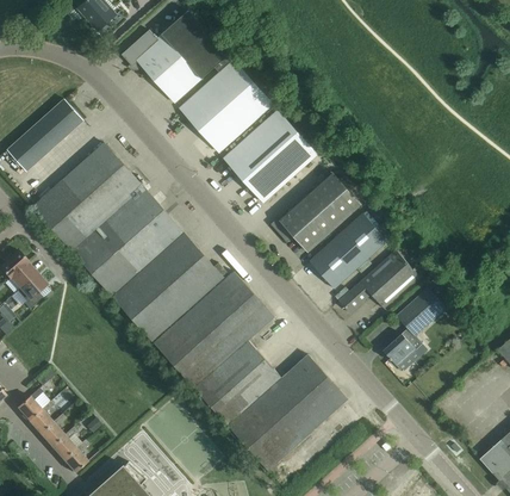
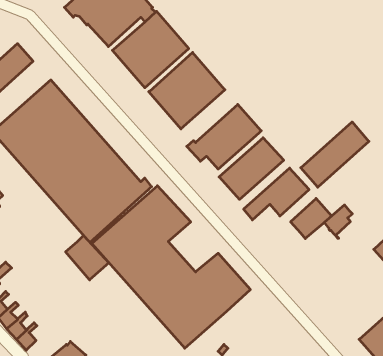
building: none -> [301,122,369,187]
building: [382,329,417,370] -> [324,205,352,238]
building: none -> [66,236,109,280]

